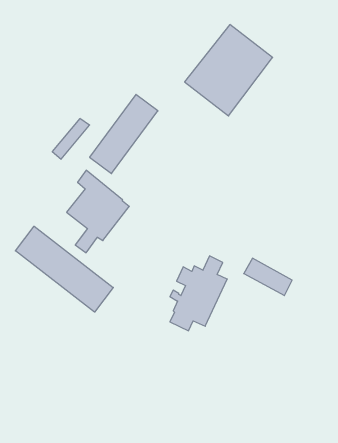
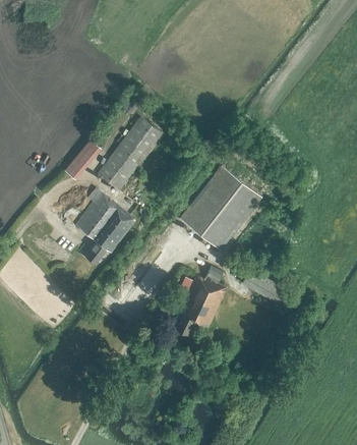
building: [185,25,273,116] -> [179,166,260,251]
building: [15,226,113,312] -> none

